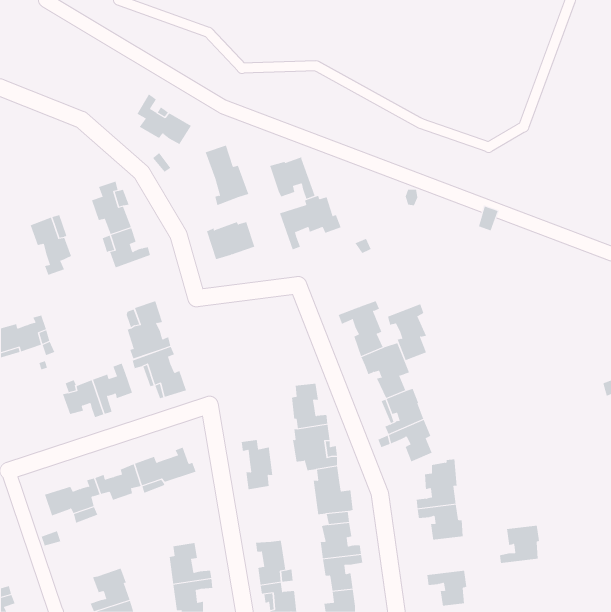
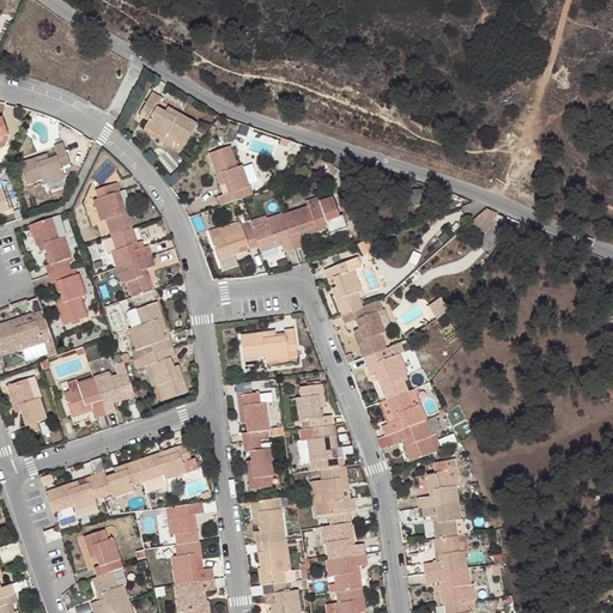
building: none -> [18,141,68,182]
building: [269,156,315,199] -> [247,211,293,254]
building: none -> [116,255,154,298]
building: none -> [49,269,87,326]
building: [387,303,427,361] -> [321,257,360,315]
building: none -> [239,332,296,364]
building: none -> [6,377,47,438]
building: none -> [236,392,268,442]
building: none -> [250,498,283,542]
building: none -> [164,500,216,546]
building: [499,525,540,564] -> [426,536,467,575]
building: none -> [86,530,122,576]

